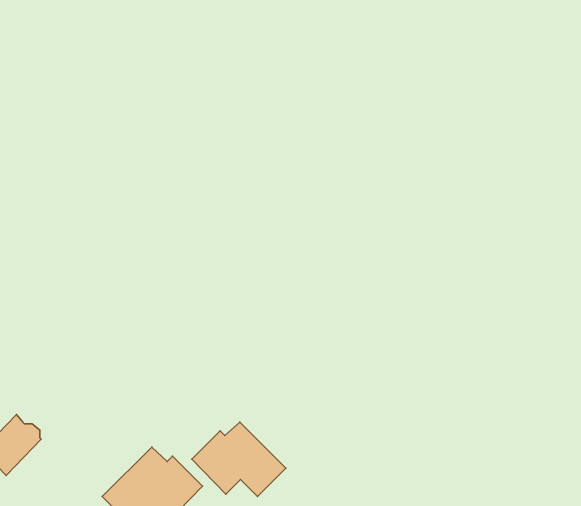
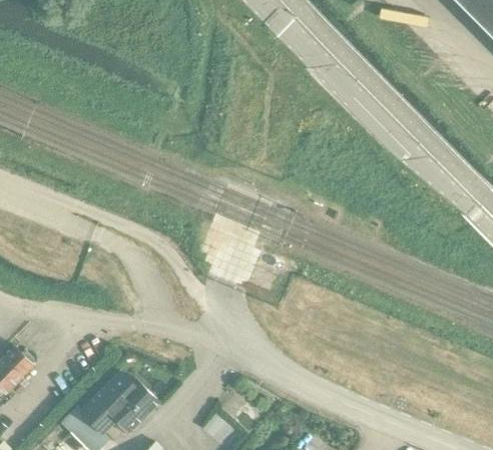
building: [192,422,286,496] -> none

